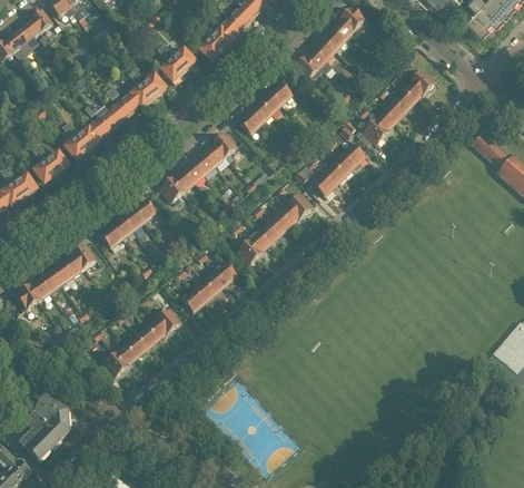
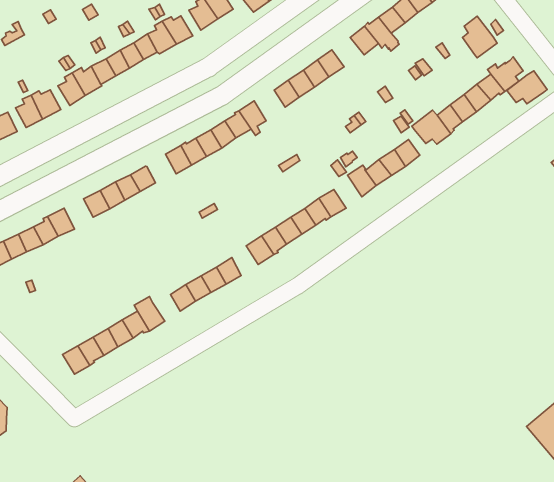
building: none -> [462,16,497,58]
building: none -> [507,71,547,104]

